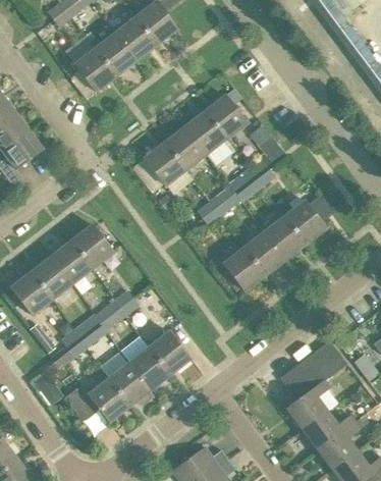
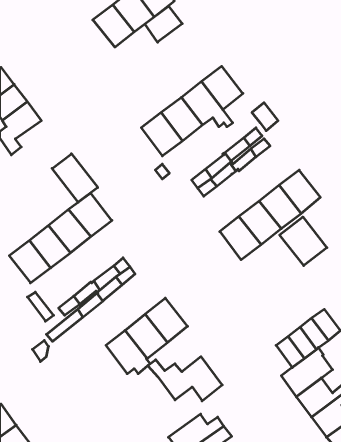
building: none -> [145,6,182,42]
building: [75,48,117,92] -> none
building: none -> [52,154,98,202]
building: none -> [280,217,327,266]
building: [54,377,129,422] -> [148,357,222,401]

